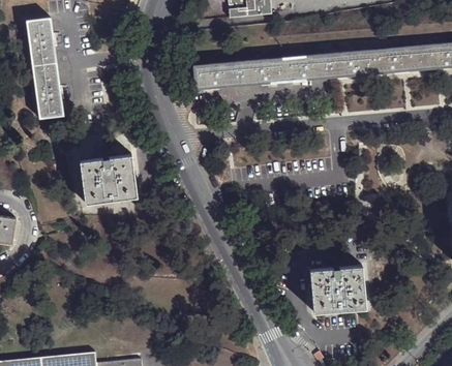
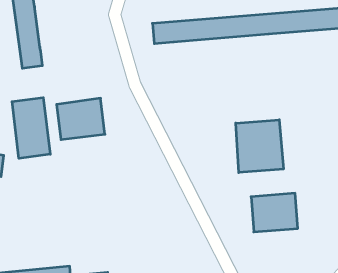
building: none -> [12,98,50,158]
building: none -> [236,120,283,173]

